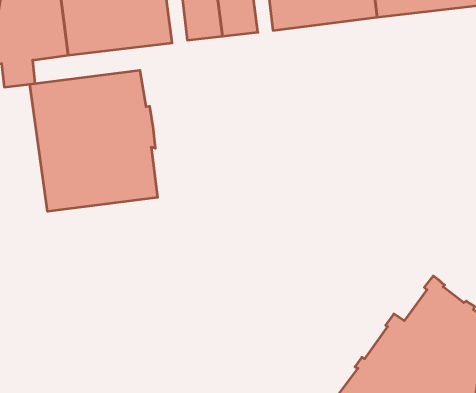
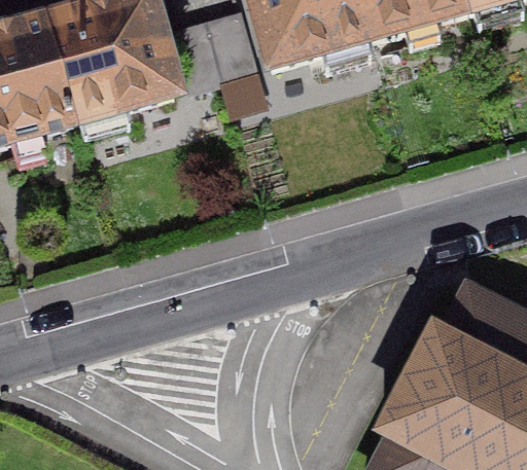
building: [30,70,158,211] -> none

